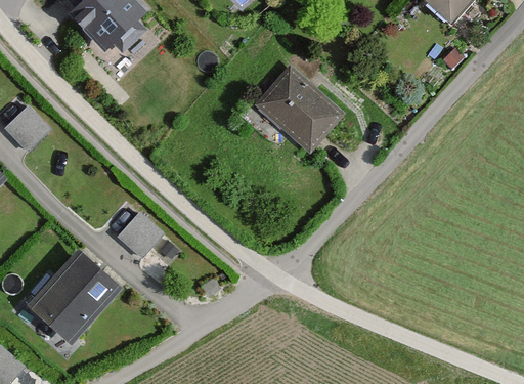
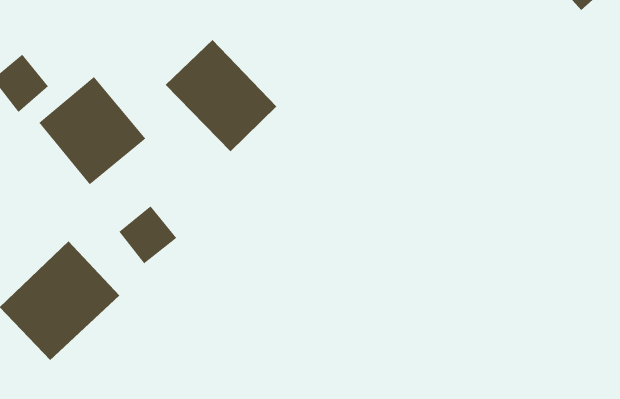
building: [252,67,341,153] -> [165,39,277,152]
building: none -> [39,76,146,185]

